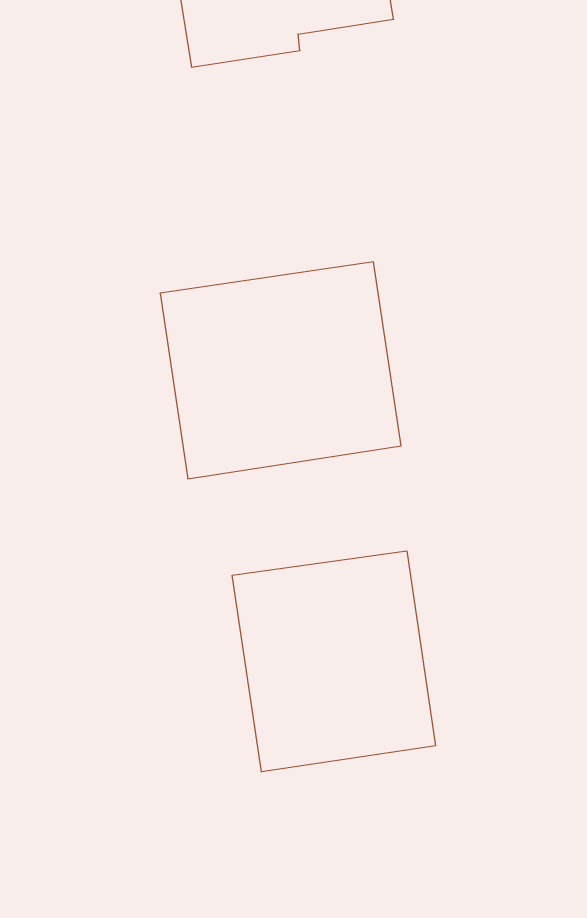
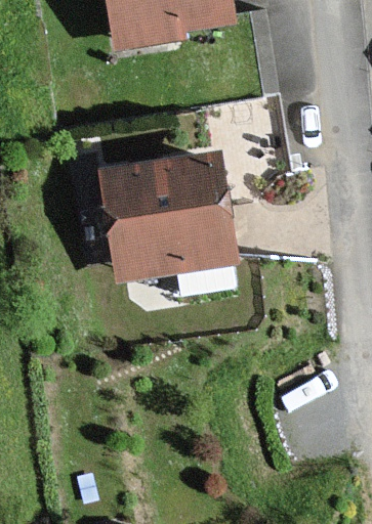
building: [232,551,435,772] -> none

